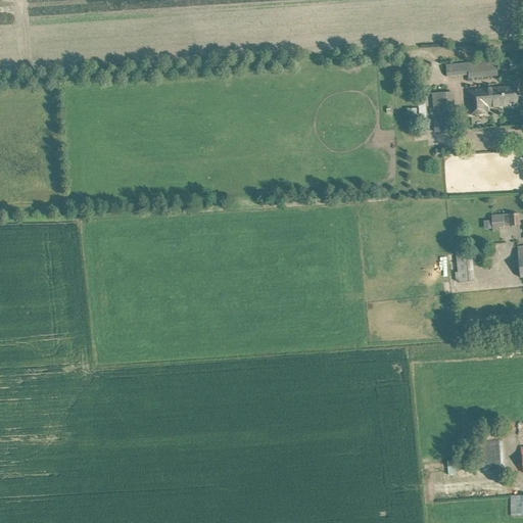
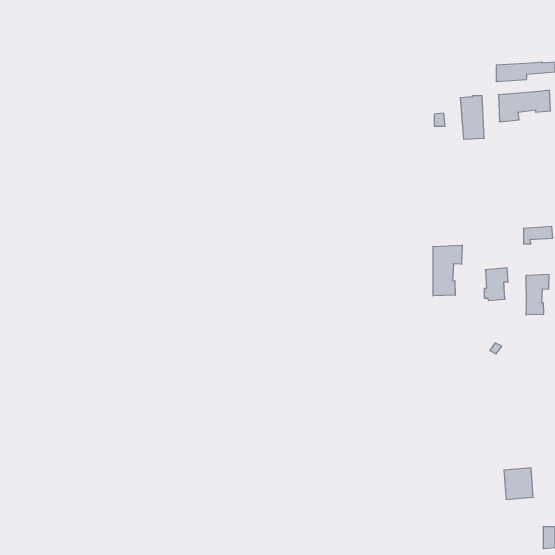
building: none -> [433,245,462,296]
building: none -> [526,274,549,315]

